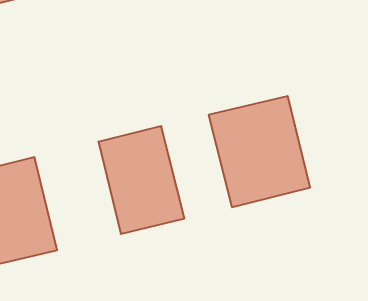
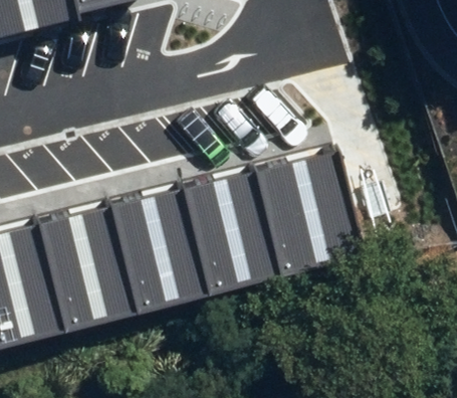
building: none -> [197,169,279,289]
building: none -> [49,200,150,327]

